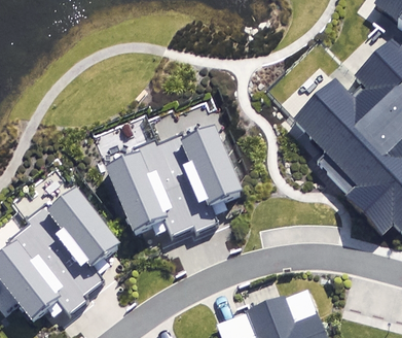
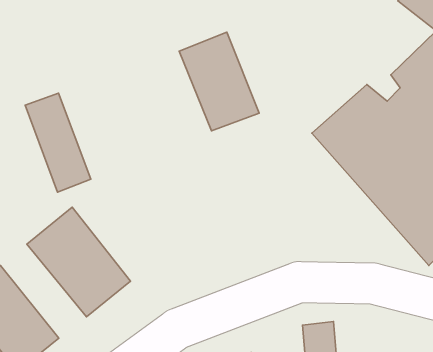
building: [177,132,246,217] -> [179,32,259,131]
building: [109,153,166,238] -> [25,93,91,192]

